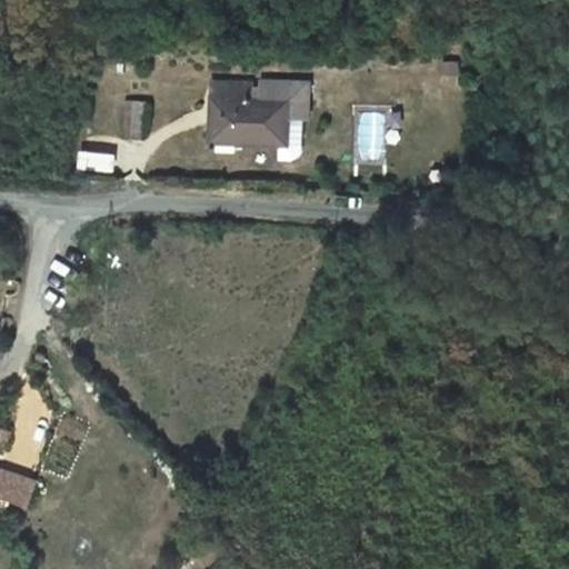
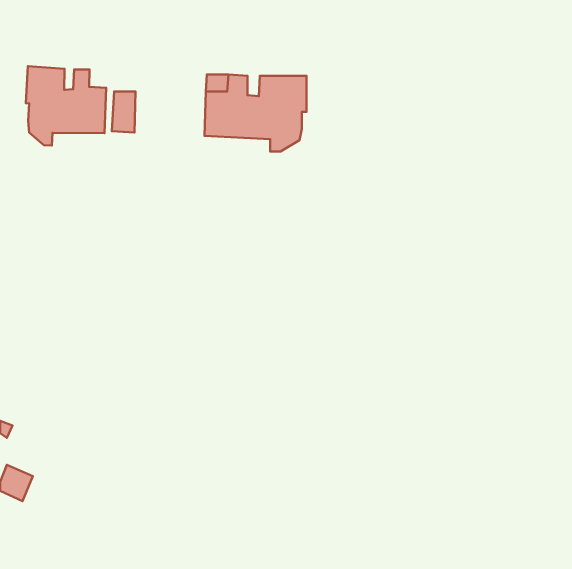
building: none -> [26,66,106,146]

